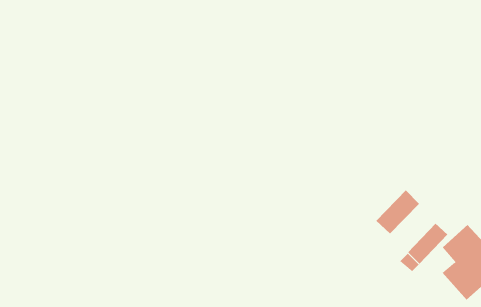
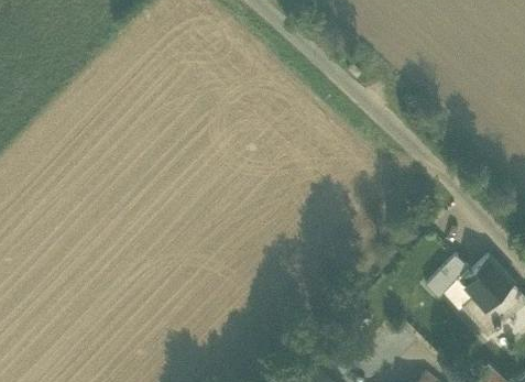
building: [375,189,420,235] -> none

